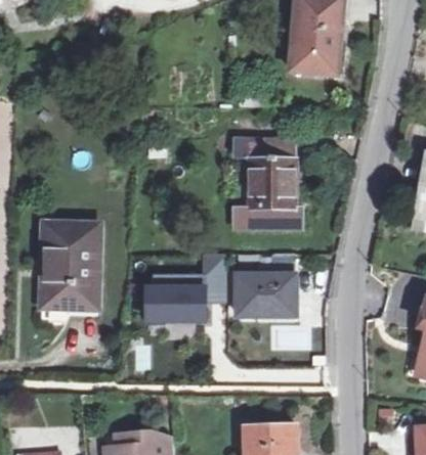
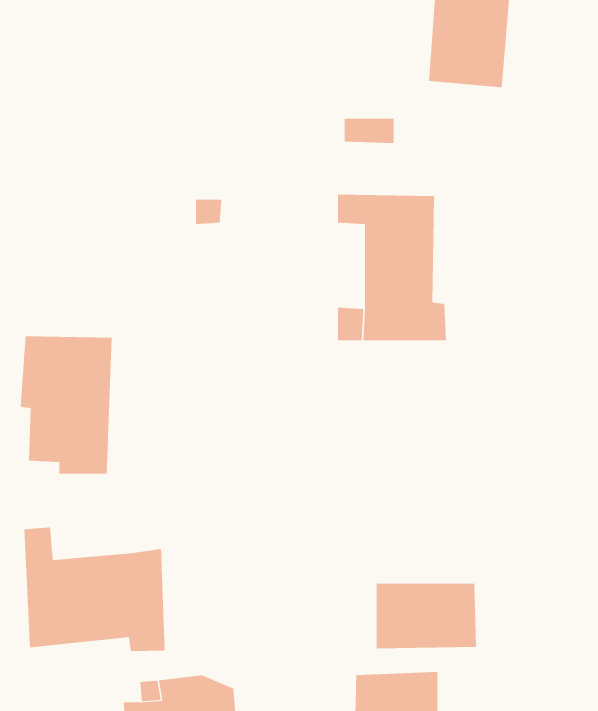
building: [145,254,225,325] -> none
building: [236,275,297,315] -> [376,583,477,649]
building: none -> [24,527,165,652]

